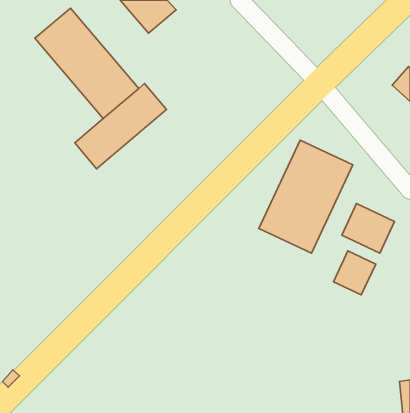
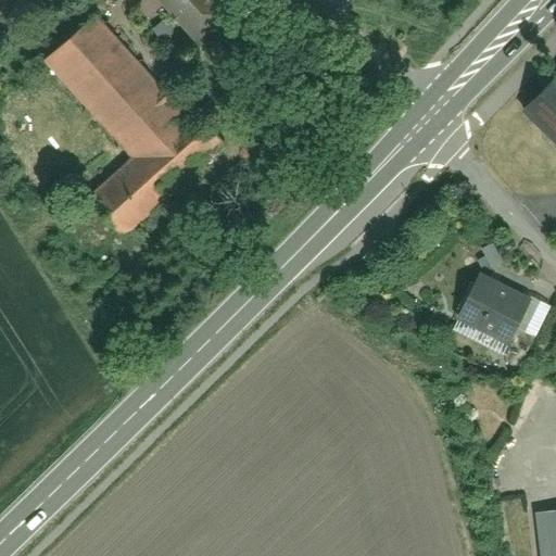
building: [259,140,353,253] -> none
building: [334,251,376,295] -> none

